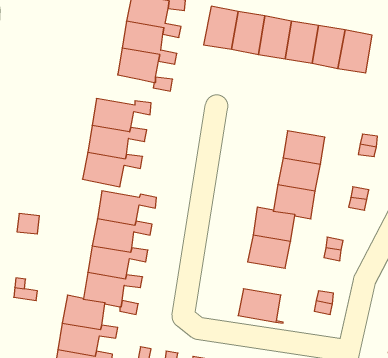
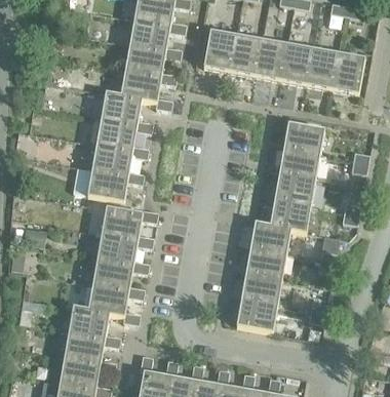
building: none -> [101,90,142,123]
building: none -> [283,121,324,154]
building: none -> [241,273,281,305]

